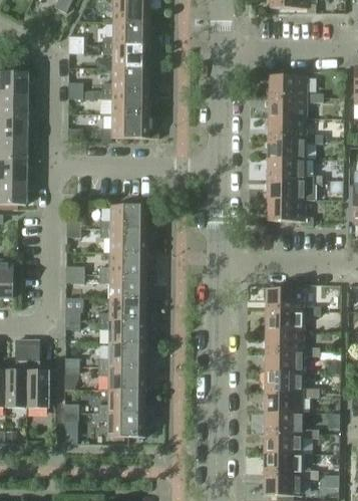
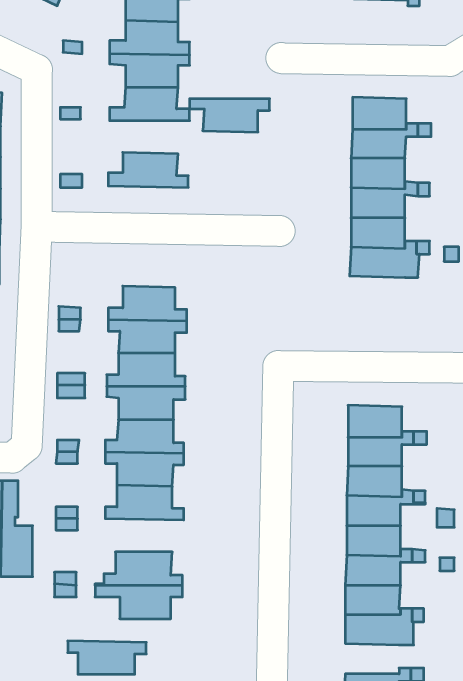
building: [102,91,157,114] -> [190,99,270,132]
building: [268,199,314,226] -> none
building: [99,366,153,390] -> [68,641,146,674]
building: [265,453,302,474] -> none

